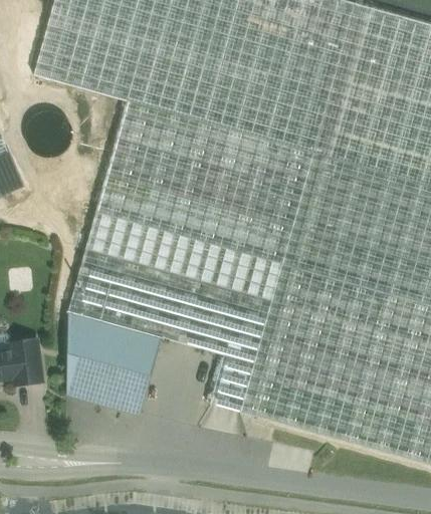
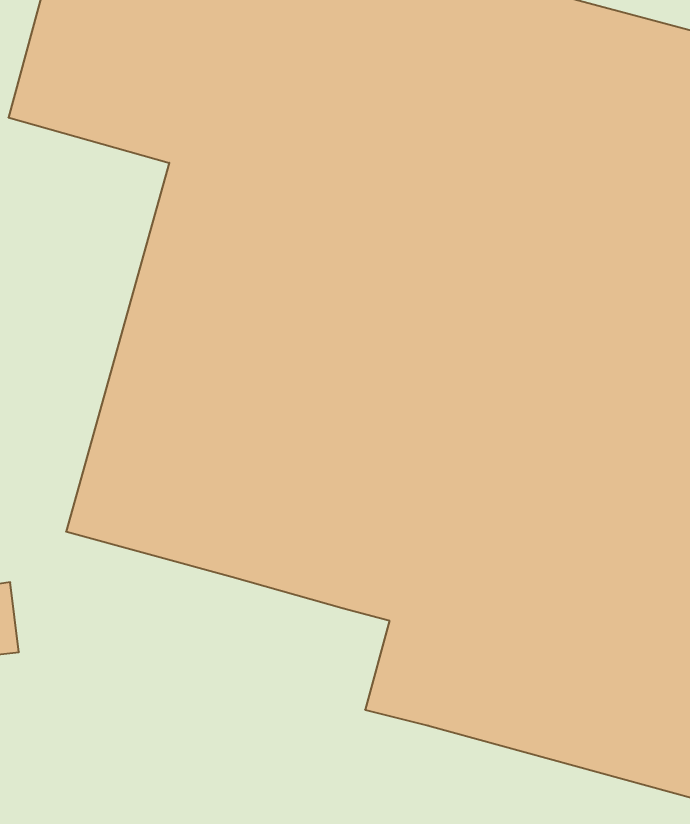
building: [64,311,164,417] -> none
building: [214,355,254,414] -> none

